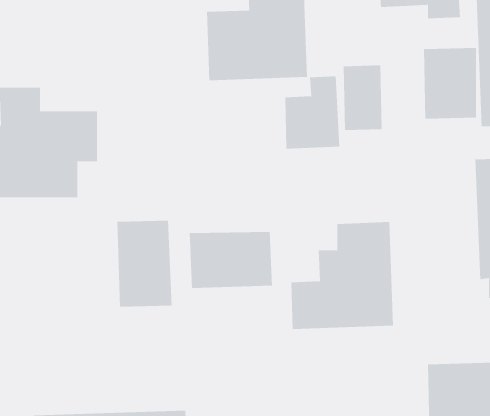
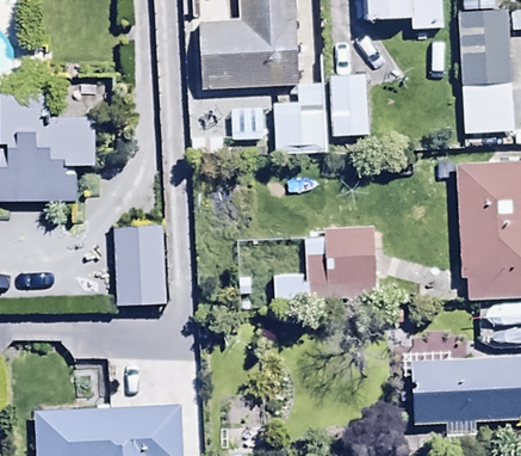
building: [423,47,477,119] -> none
building: [189,231,272,289] -> none

